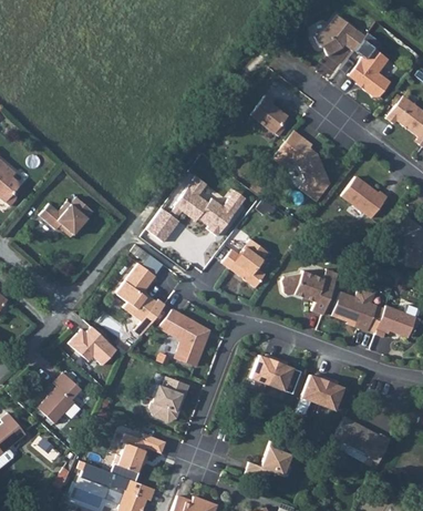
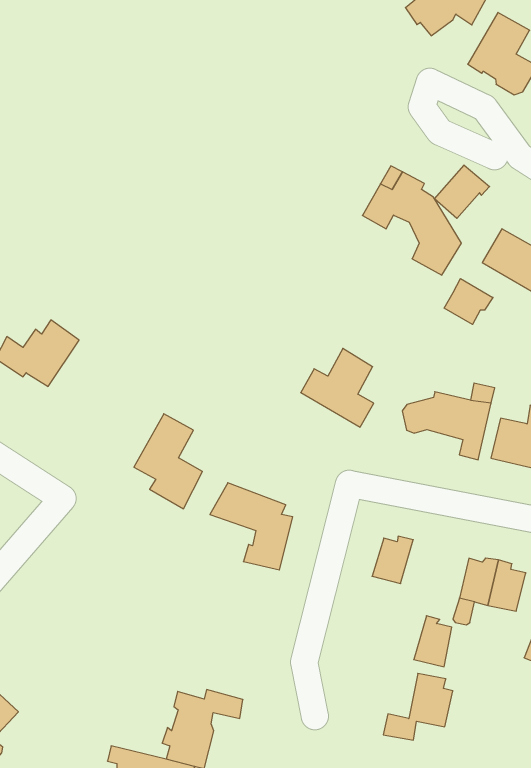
building: [249,95,287,136] -> none
building: none -> [435,165,490,218]
building: [144,174,244,244] -> none
building: none -> [444,279,493,324]
building: [70,325,117,365] -> none
building: [267,358,292,390] -> [414,616,452,667]
building: [38,372,81,421] -> none
building: [149,376,188,421] -> none

